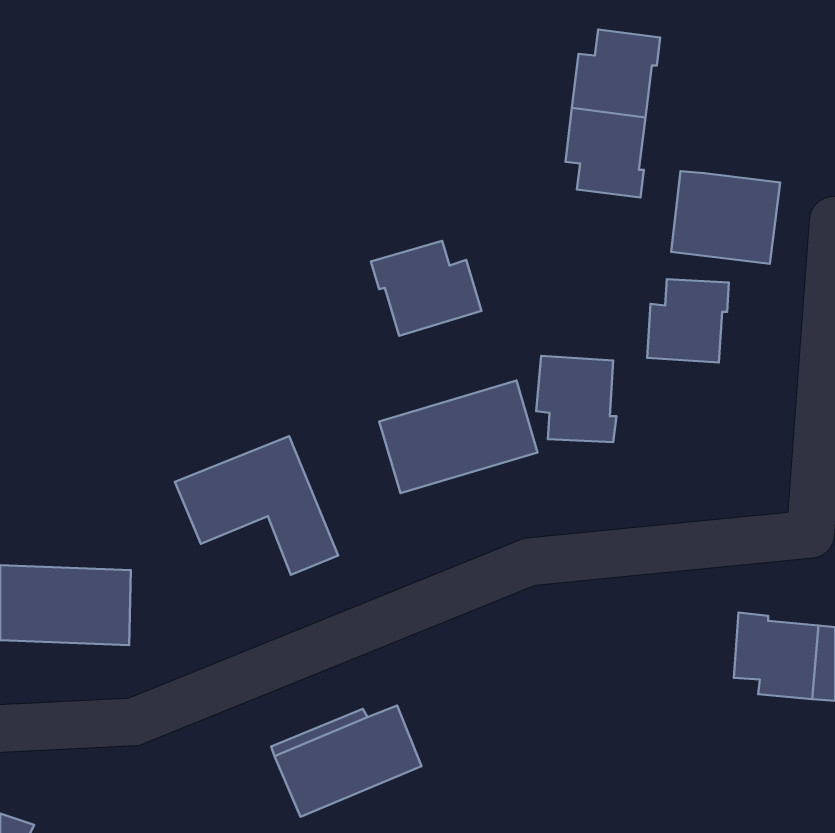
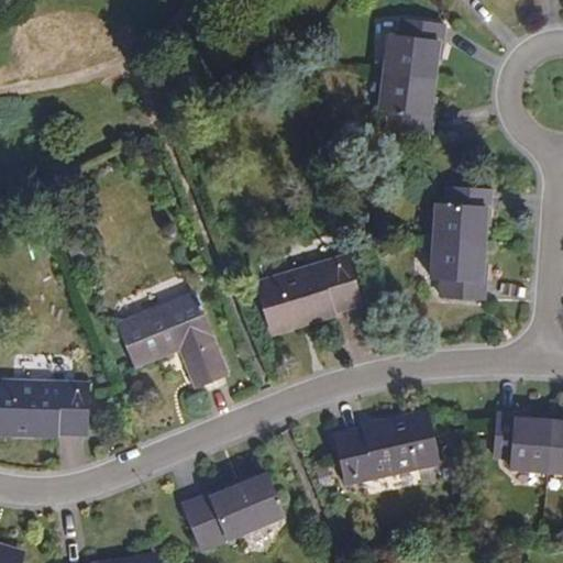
building: [671,171,780,264] -> none
building: [371,241,482,336] -> none
building: [536,356,616,442] -> [432,242,486,300]
building: none -> [335,416,439,484]

